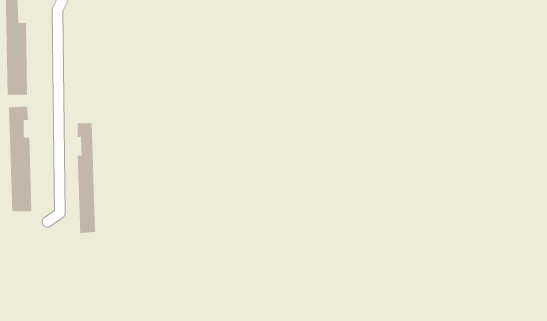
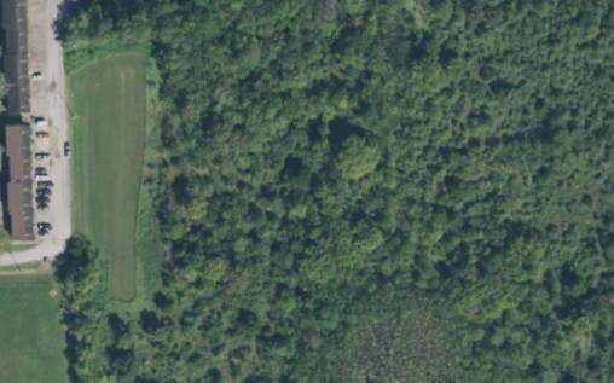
building: [77,123,96,234] -> none

